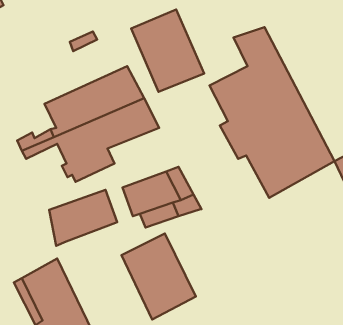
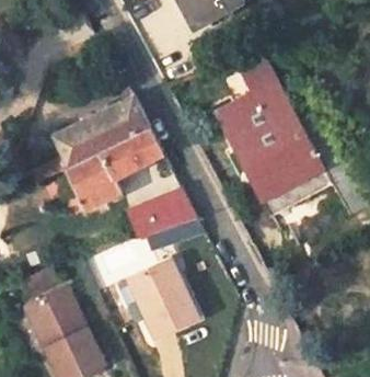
building: [131,10,204,92] -> none
building: [49,190,117,246] -> none

